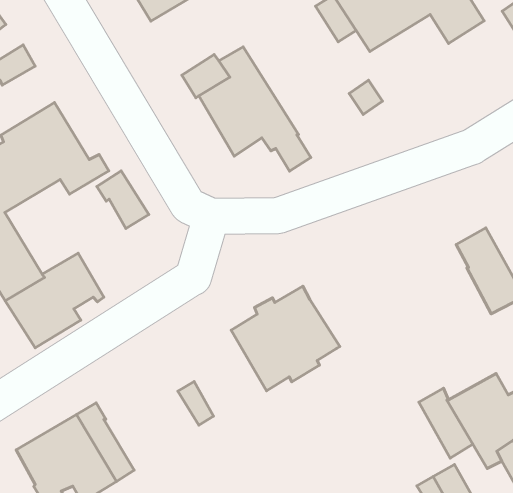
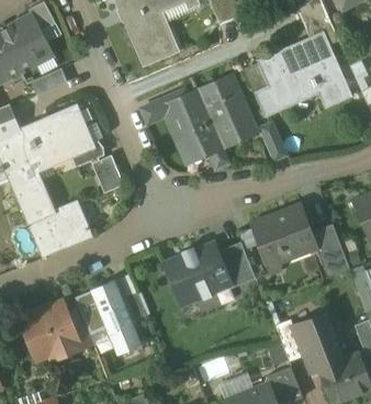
building: none -> [198,74,256,148]
building: none -> [251,204,317,274]
building: none -> [216,243,251,289]
building: none -> [90,280,142,355]

